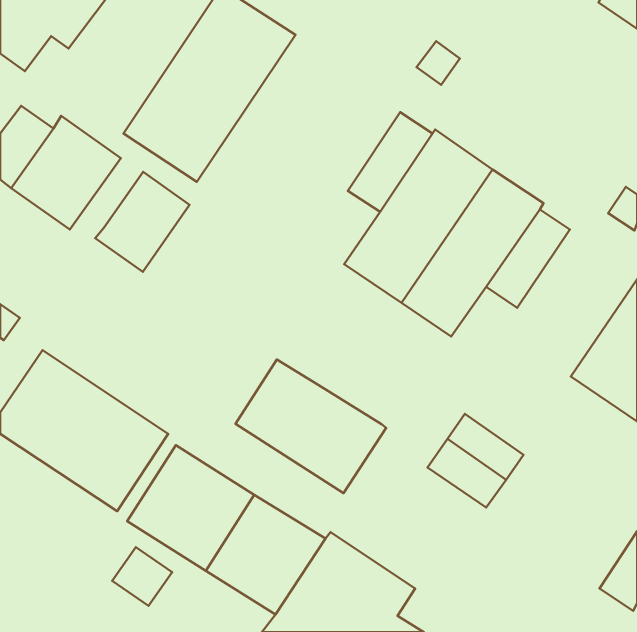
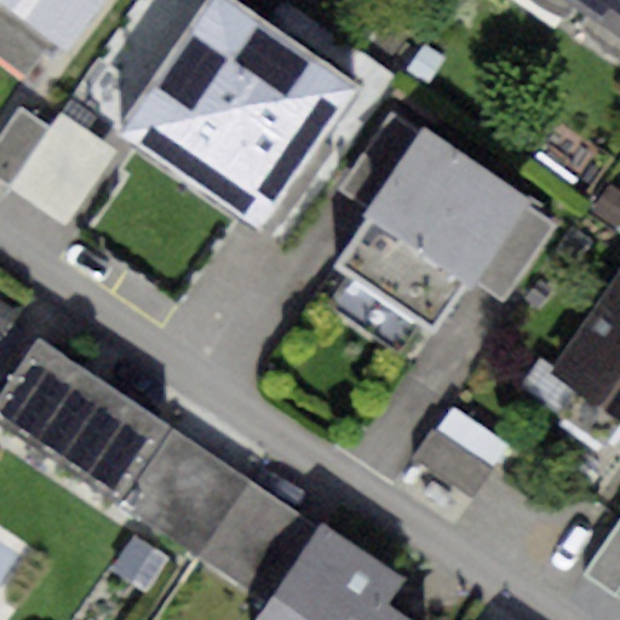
building: none -> [191,34,358,224]
building: [95,172,189,272] -> none
building: [235,360,386,493] -> none

